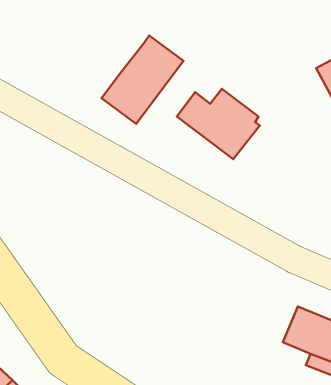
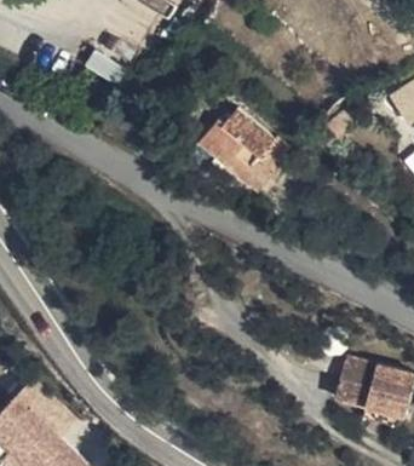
building: [102,35,183,124] -> none

